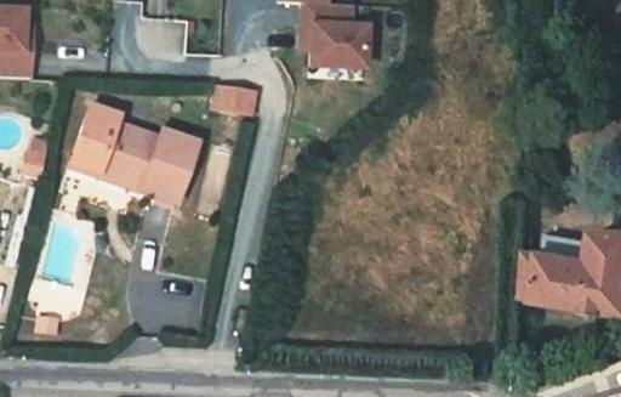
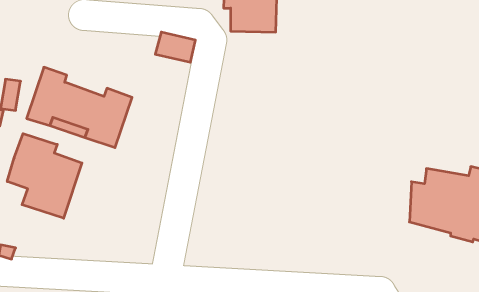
building: none -> [7,134,82,218]

